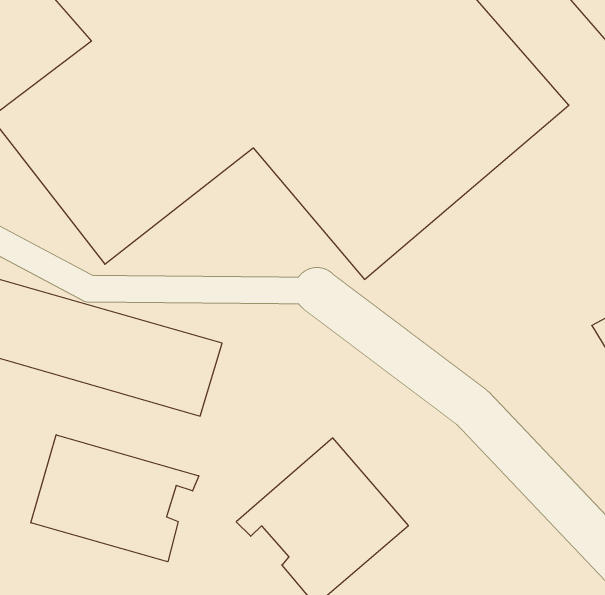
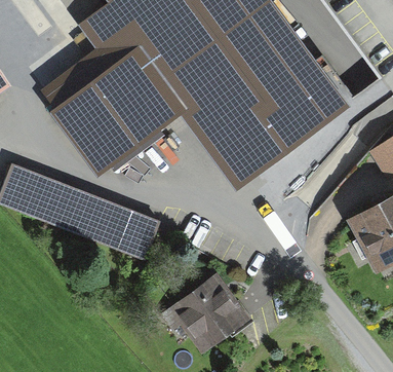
building: [31,435,199,562] -> none

